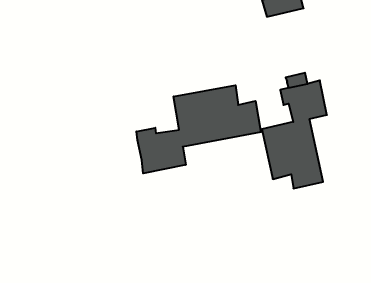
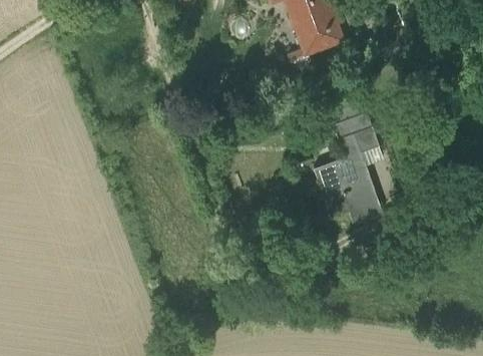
building: [136,85,261,173] -> none

